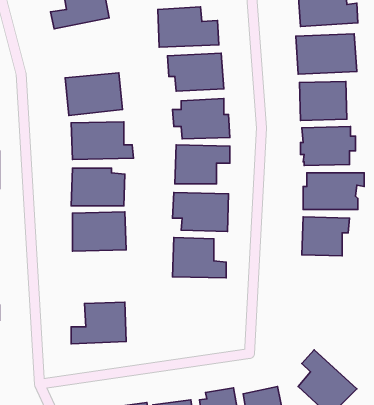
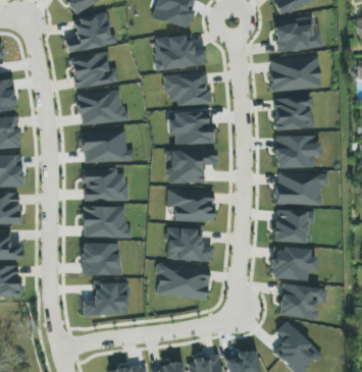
building: none -> [68,53,119,88]
building: none -> [82,243,120,275]
building: none -> [270,247,317,280]
building: none -> [157,264,209,299]
building: none -> [277,283,327,320]

